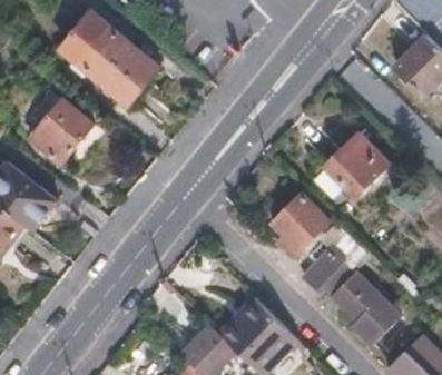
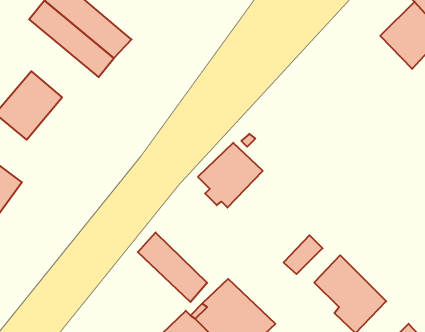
building: [325,134,387,196] -> none
building: [272,191,333,253] -> [198,143,263,208]
building: none -> [138,232,207,302]

